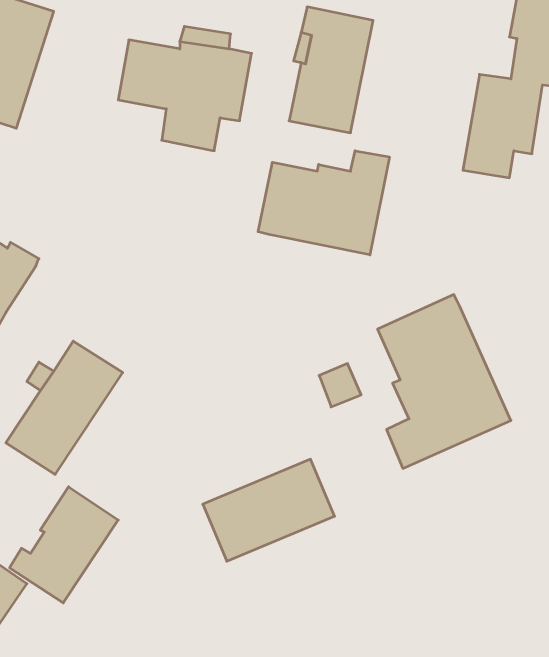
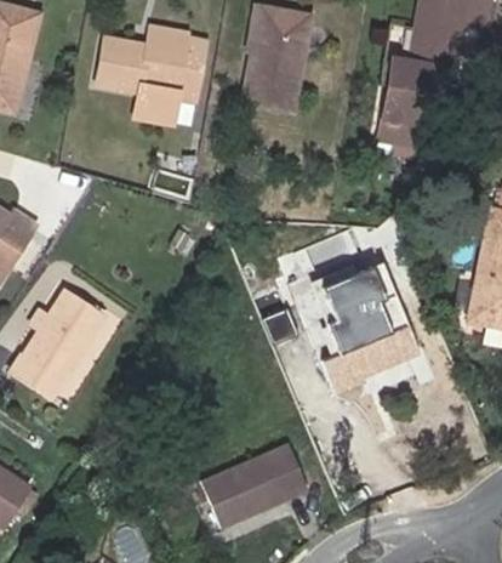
building: [258,151,389,255] -> none
building: [203,459,335,561] -> [200,442,307,524]
building: [10,487,118,603] -> none

